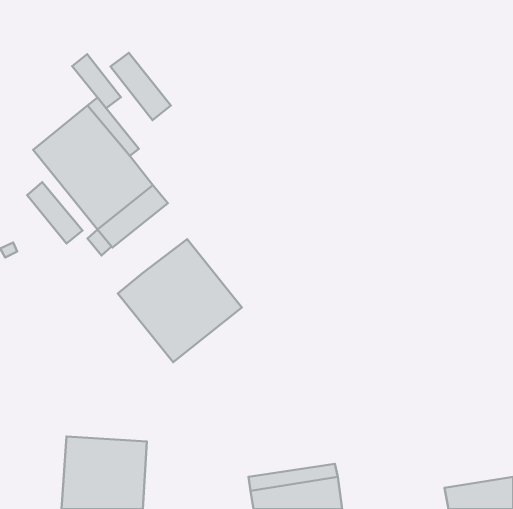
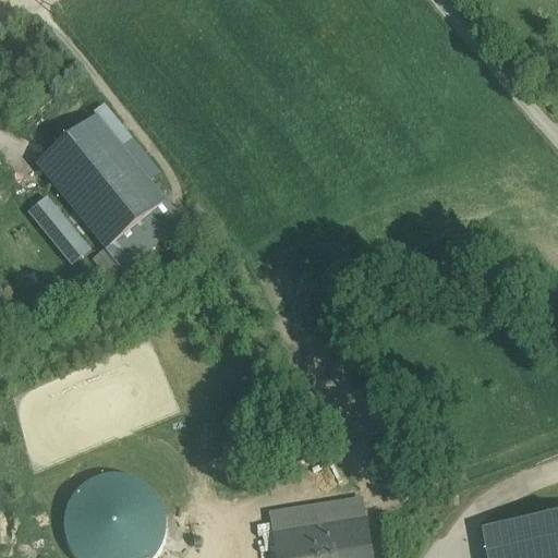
building: [111,53,171,120] -> none
building: [72,54,121,108] -> none
building: [118,239,242,362] -> none

